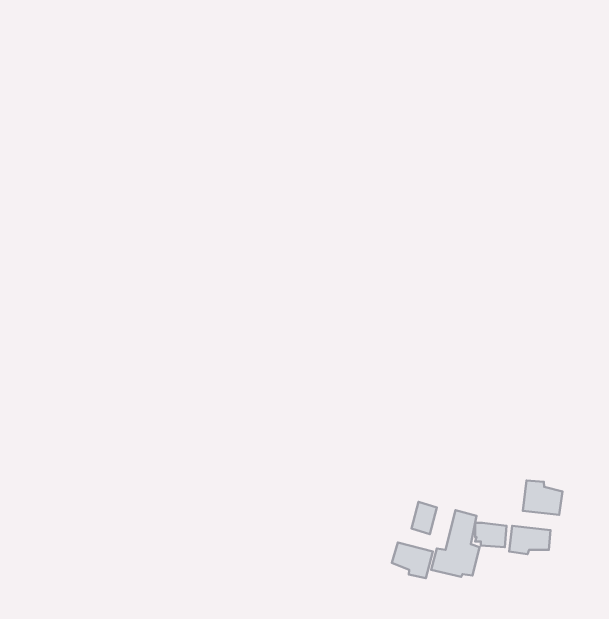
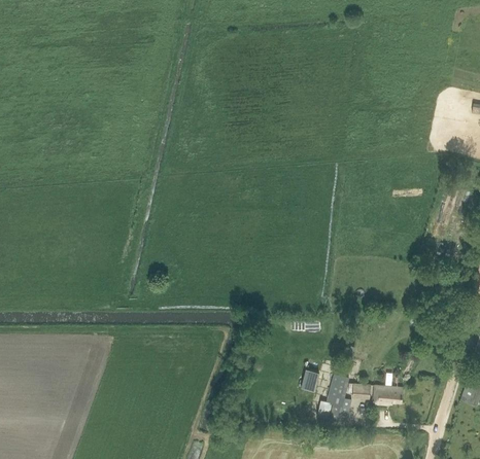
building: [523,481,562,515] -> none
building: [392,542,433,578] -> none

